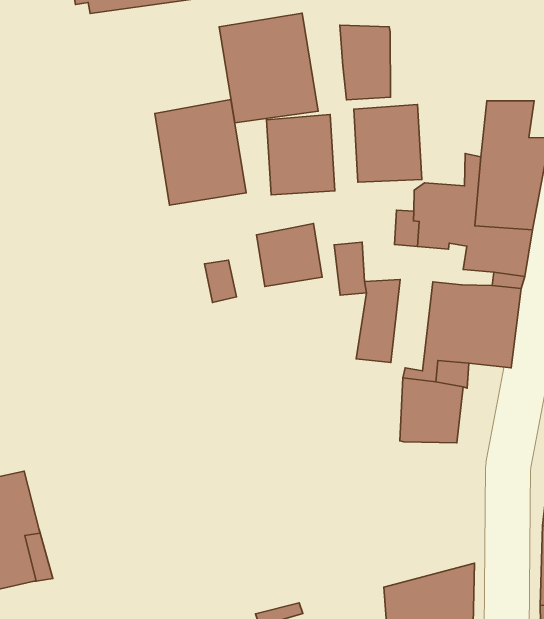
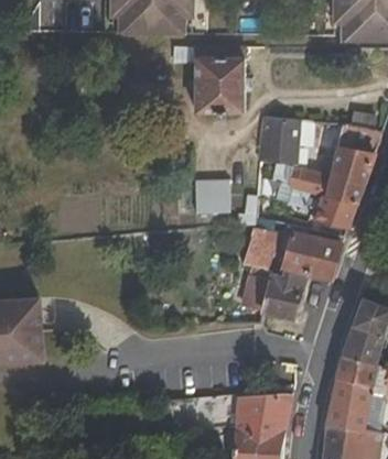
building: [340,25,390,100] -> none
building: [155,99,246,205] -> none
building: [267,114,335,195] -> none

